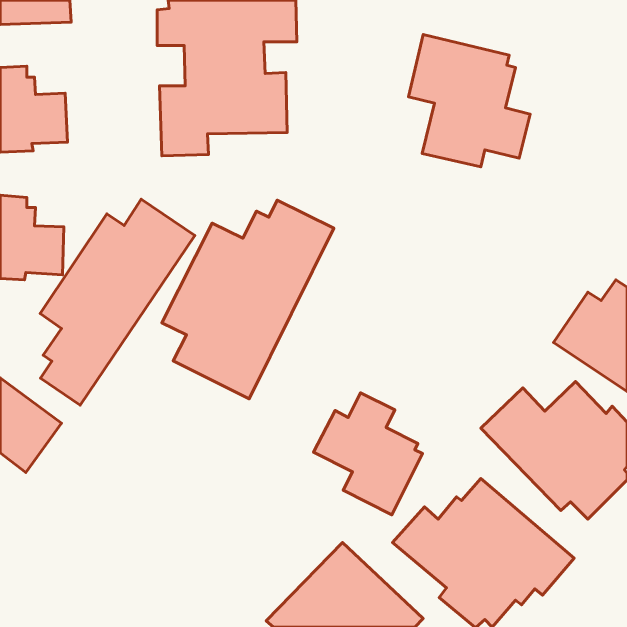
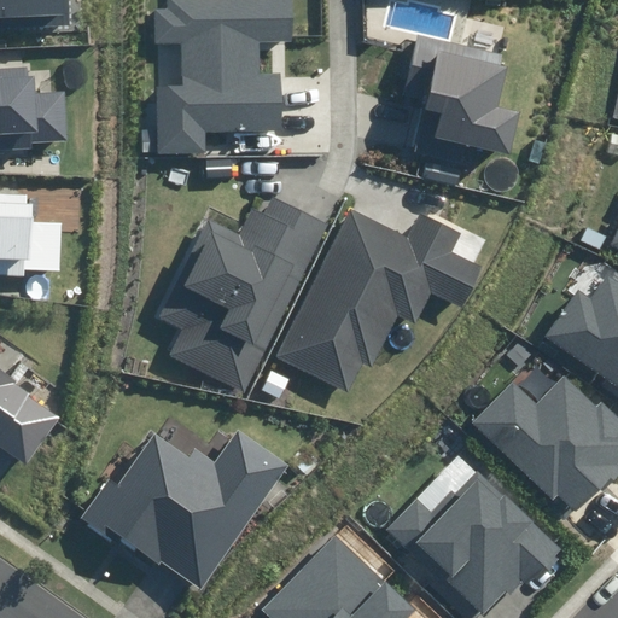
building: [40,199,195,405] -> none
building: none -> [275,210,483,393]
building: [313,393,423,515] -> none
building: none -> [81,431,288,591]

